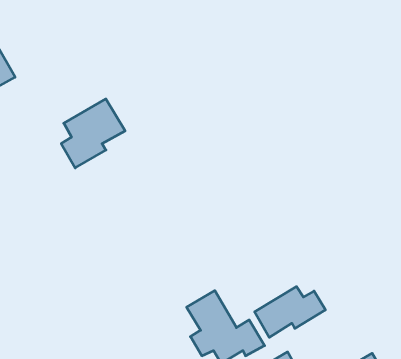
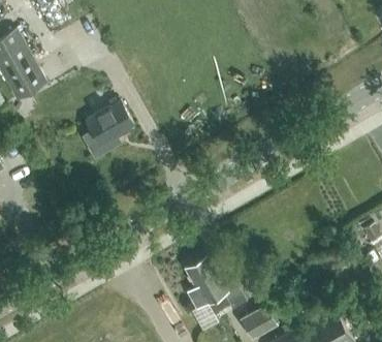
building: [255,287,325,337] -> none

